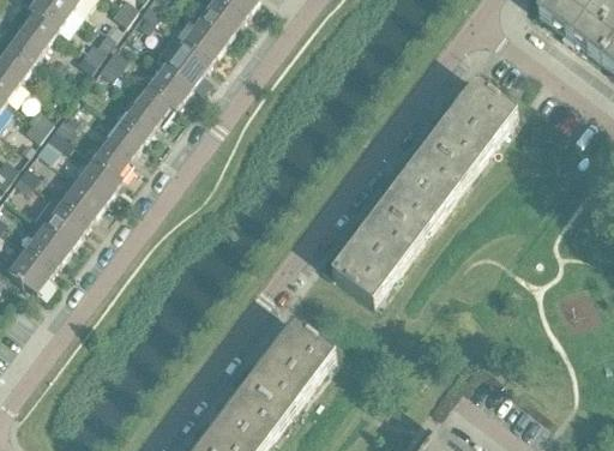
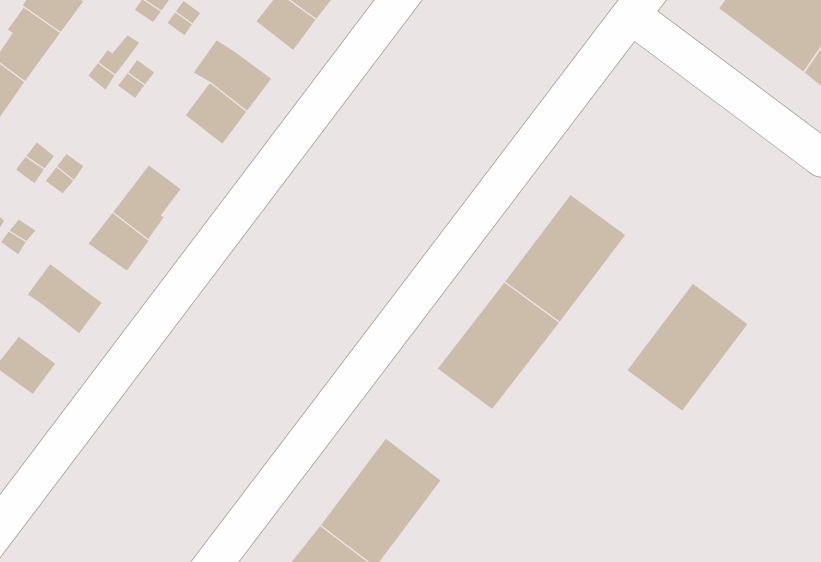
building: [182,18,225,60] -> none
building: [427,80,516,174] -> [627,283,748,411]
building: [120,86,173,140] -> none
building: [48,180,104,223] -> none
building: [25,224,70,267] -> none

